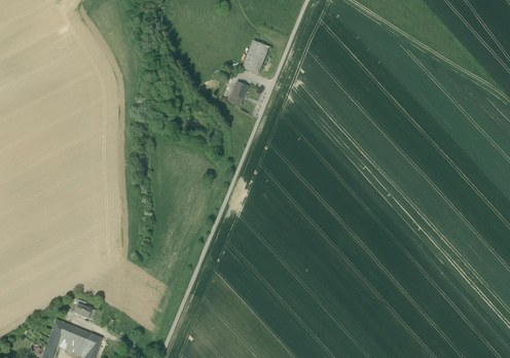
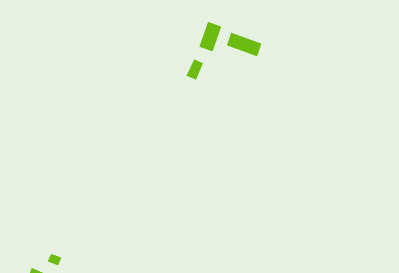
building: none -> [226,32,262,57]

